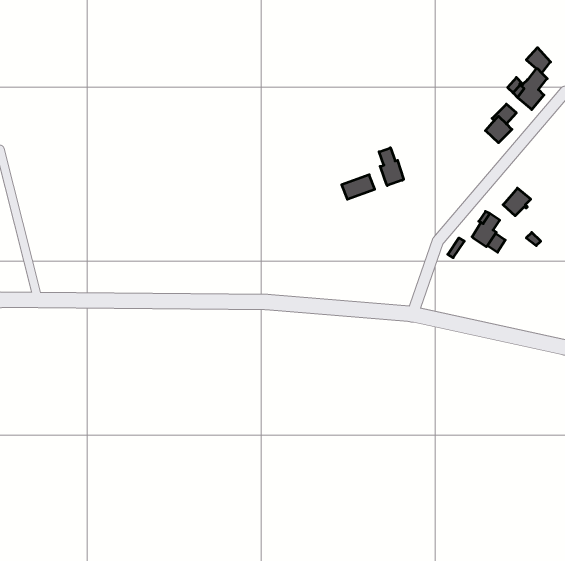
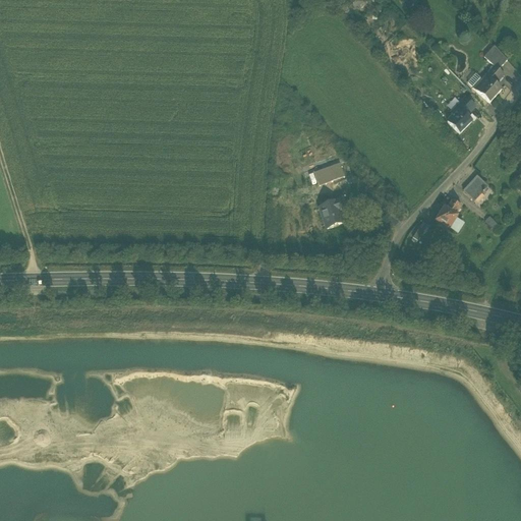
building: [379,148,404,186] -> none
building: none -> [320,196,345,226]

